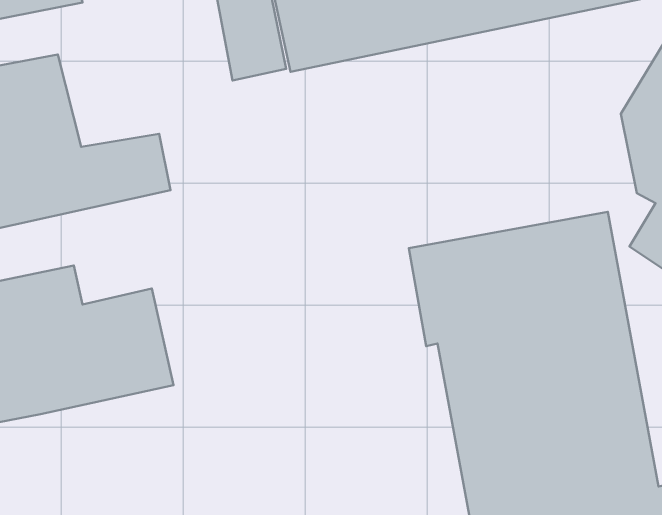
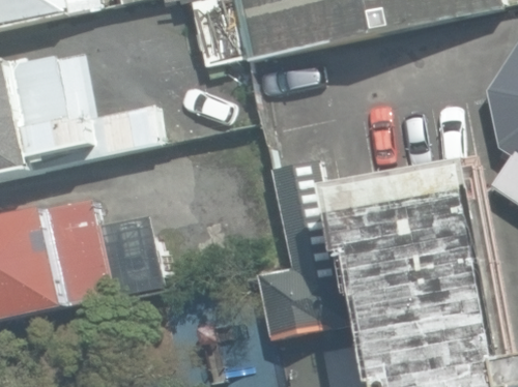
building: none -> [256,160,353,339]

